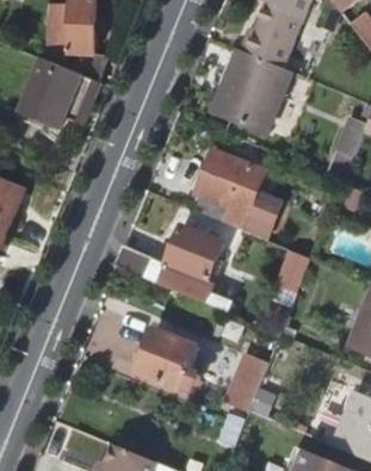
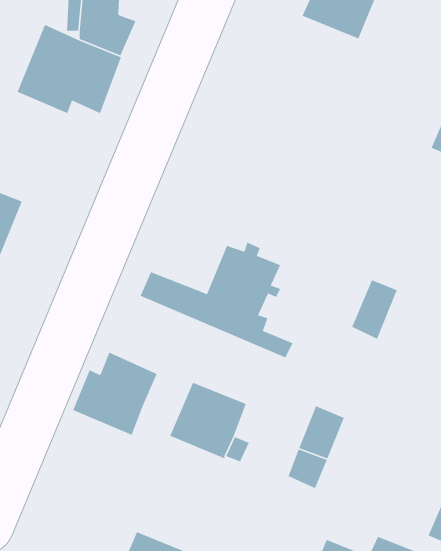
building: [204,48,289,132] -> none
building: [190,148,283,237] -> none
building: none -> [72,351,158,436]

